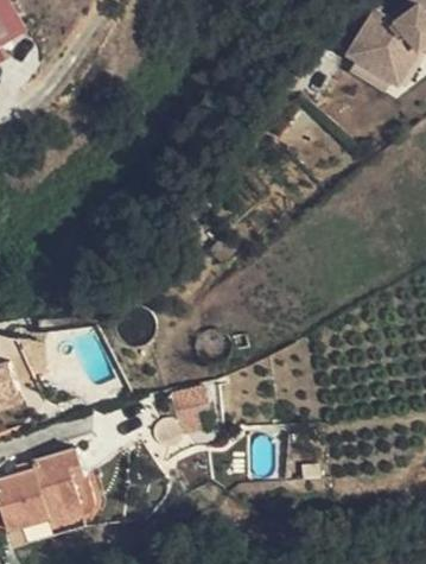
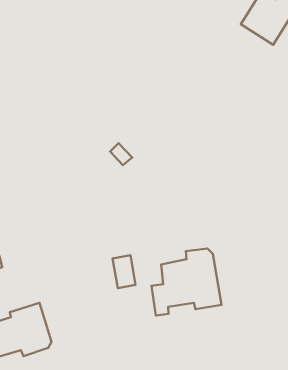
building: none -> [151,249,222,315]

